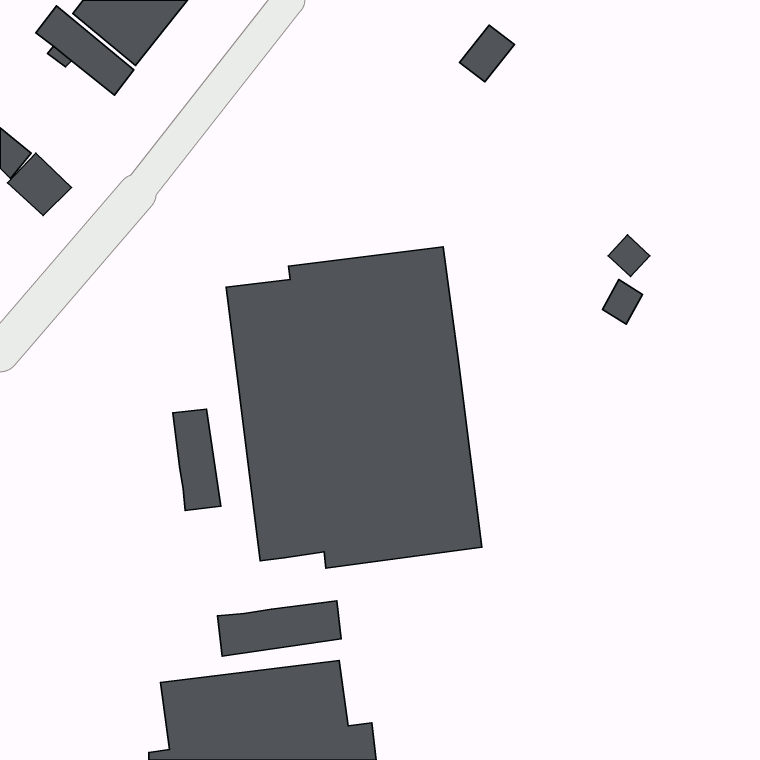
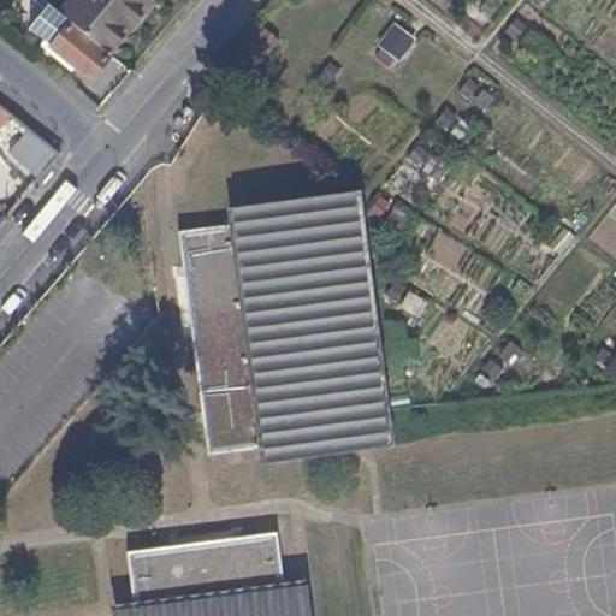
building: [173,409,221,510] -> none
building: [218,601,341,656] -> none

